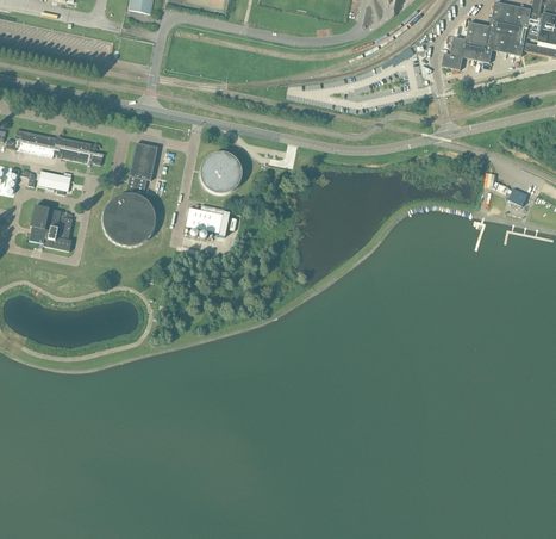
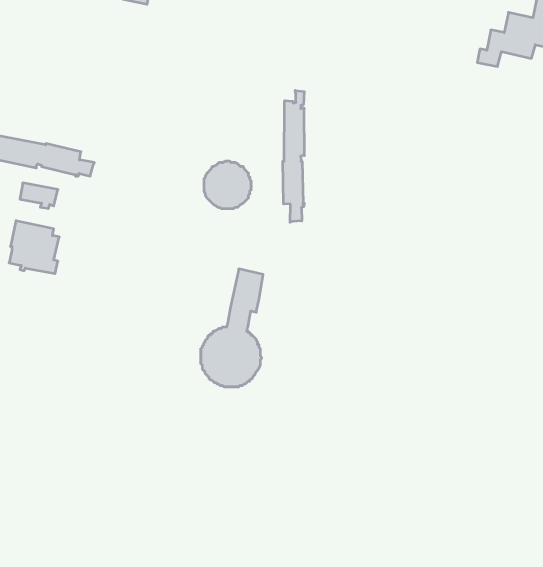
building: none -> [283,90,304,222]
building: [102,142,157,246] -> [201,269,263,387]
building: [186,204,230,236] -> none

